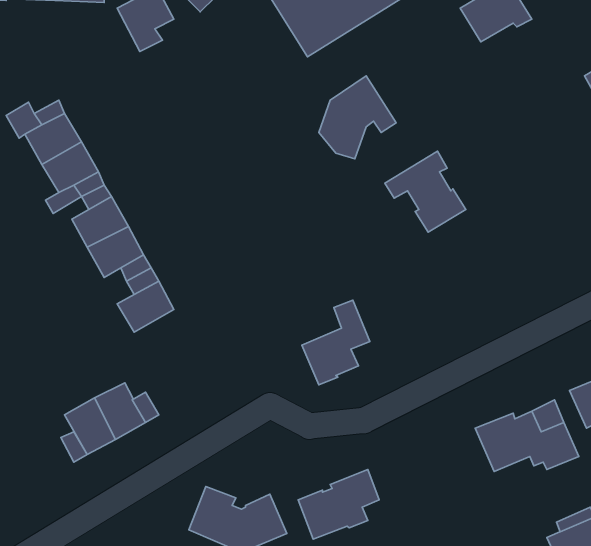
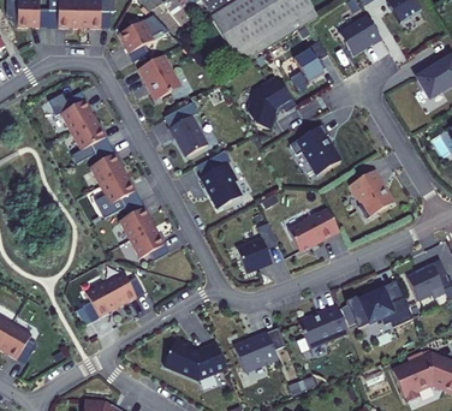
building: none -> [295,40,328,82]
building: none -> [137,54,180,100]
building: none -> [163,106,207,156]
building: none -> [196,149,239,207]
building: none -> [355,169,392,219]
building: none -> [289,209,338,251]
building: none -> [129,225,165,258]
building: none -> [298,305,347,347]

